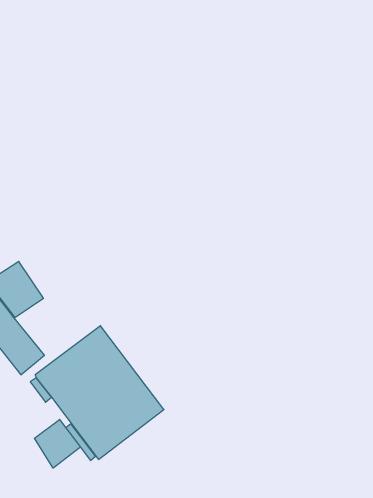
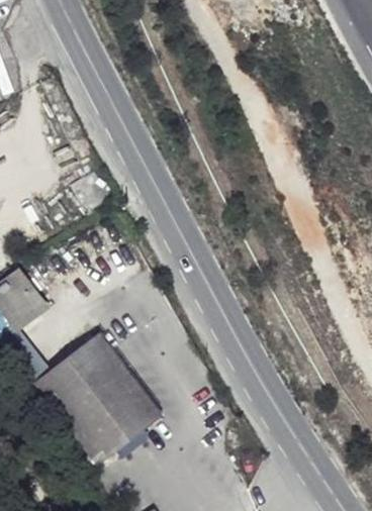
building: [34,419,80,468] -> none

